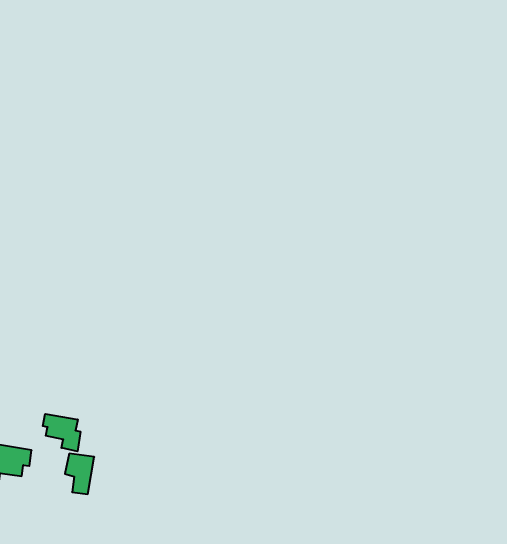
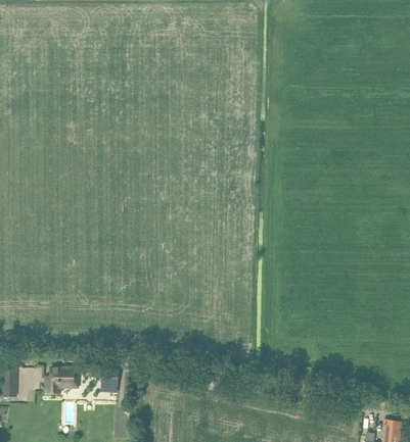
building: [43,414,80,451] -> none

